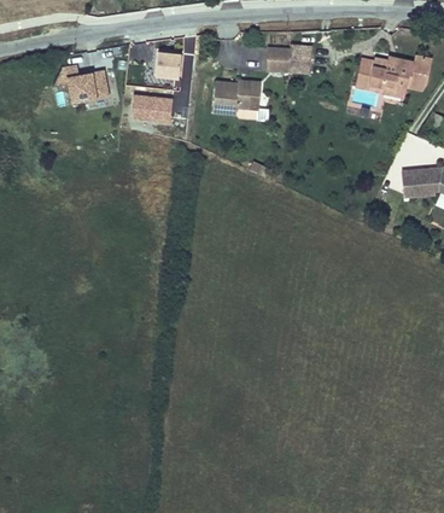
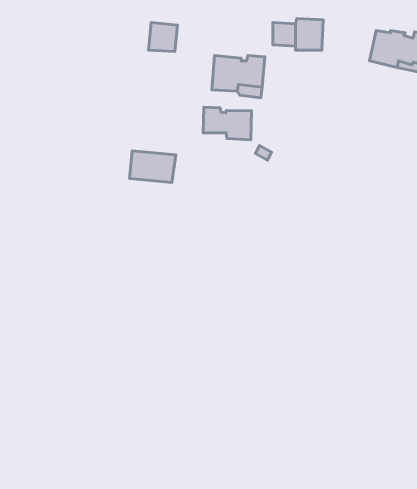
building: [54,62,110,101] -> none
building: [130,93,173,122] -> [130,151,176,182]
building: none -> [203,107,252,140]

